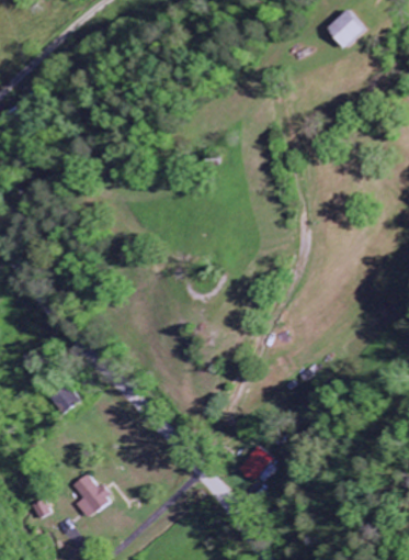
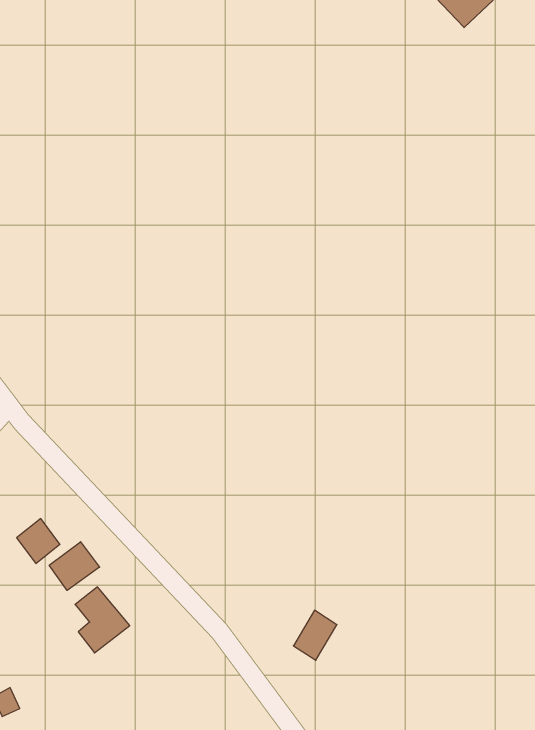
building: none -> [49,542,100,590]
building: [72,473,110,518] -> [75,587,130,653]

